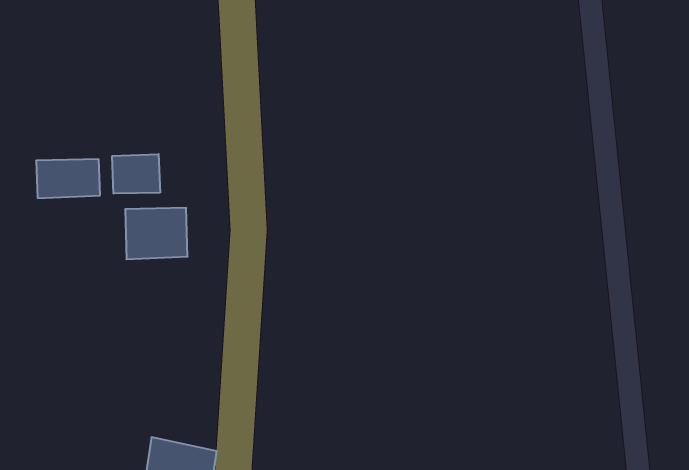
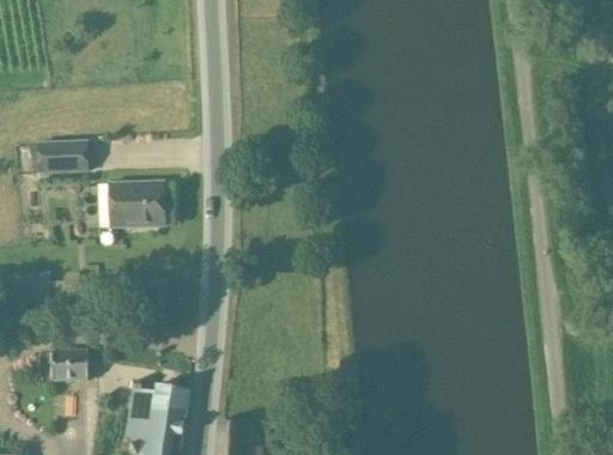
building: [112,154,160,194] -> none
building: none -> [51,348,89,380]

